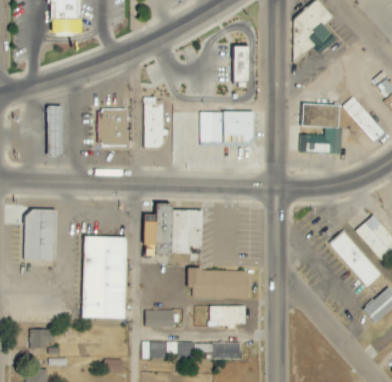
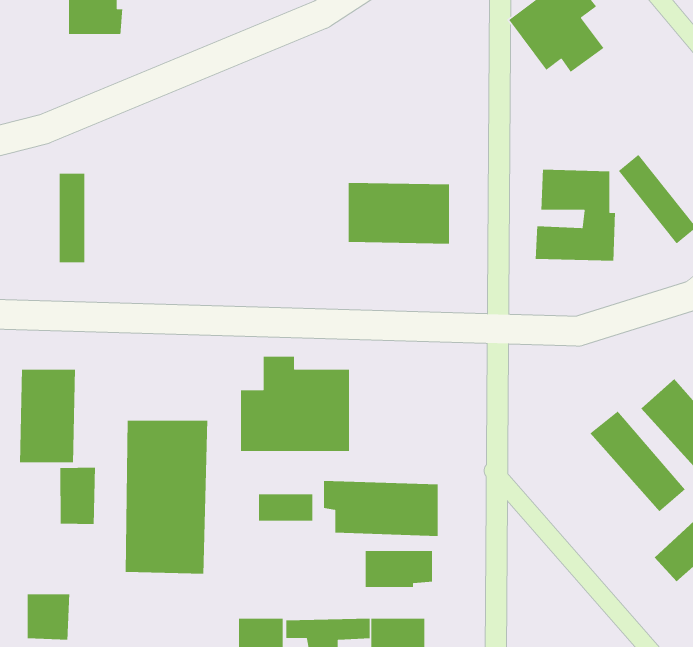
building: [233,46,249,85] -> none
building: [143,97,164,146] -> none
building: [97,109,126,145] -> none
building: none -> [60,467,96,525]
building: [143,311,172,326] -> [258,493,313,522]

